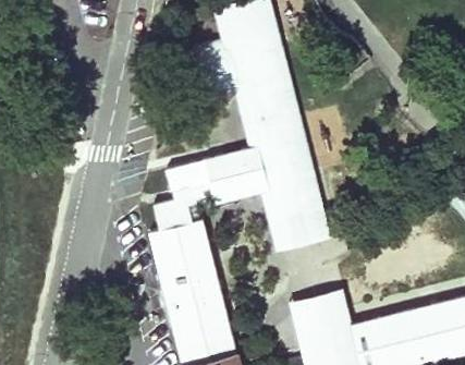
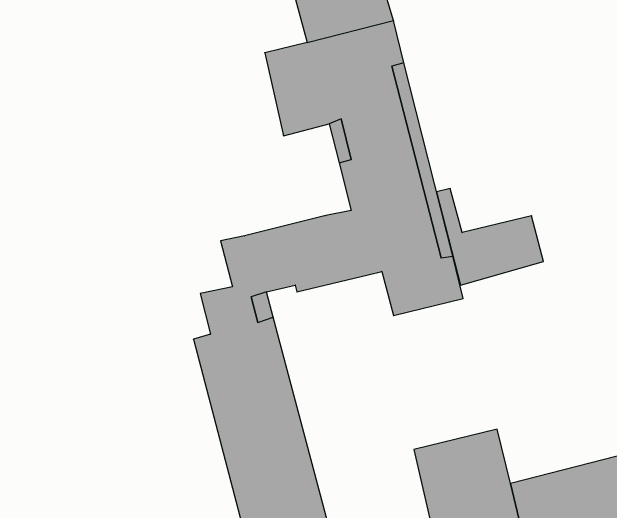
building: [260,190,329,252] -> [437,189,543,285]

